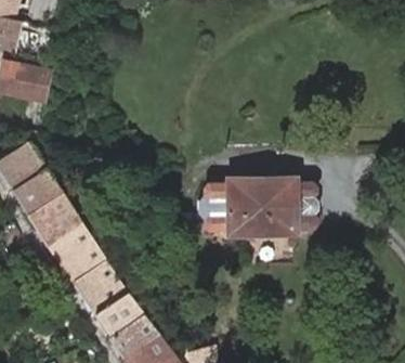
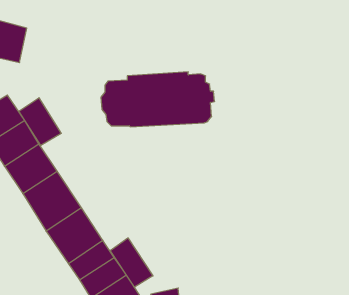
building: none -> [19,98,61,146]
building: [194,171,315,230] -> [101,72,215,127]
building: none -> [110,238,153,287]

